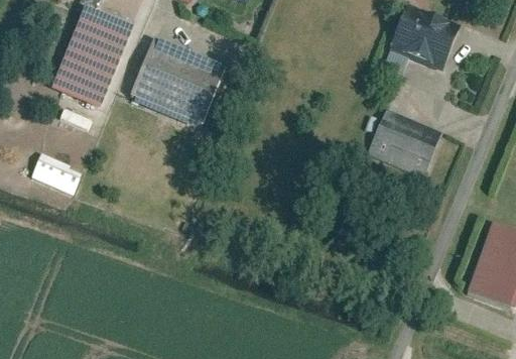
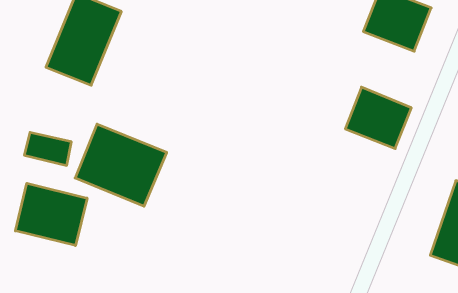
building: [129,39,227,127] -> [75,124,167,206]
building: none -> [15,183,87,246]

